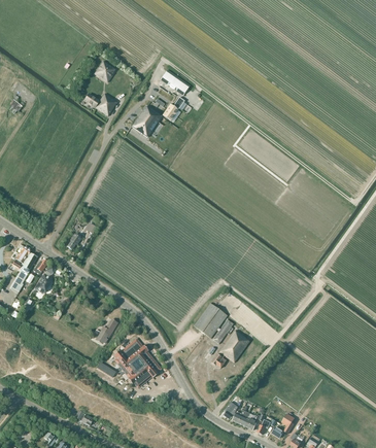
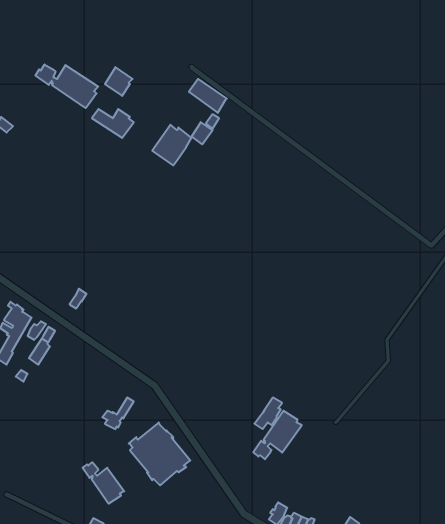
building: none -> [35,64,98,108]
building: [193,303,227,338] -> none
building: none -> [83,462,124,504]

